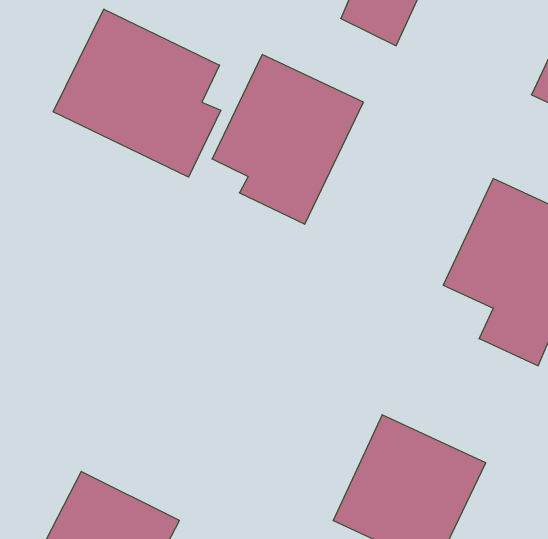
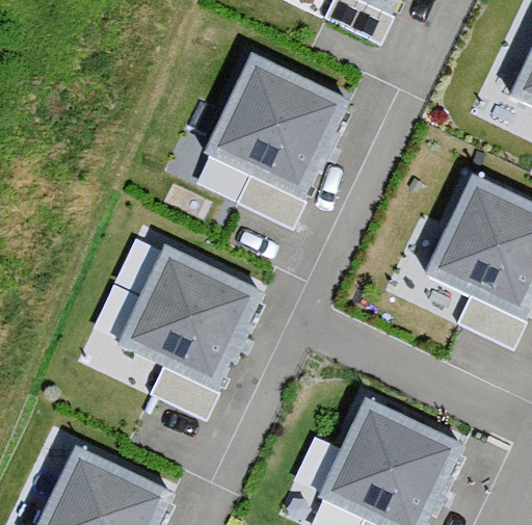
building: [53,9,221,177] -> none
building: none -> [118,246,263,417]

